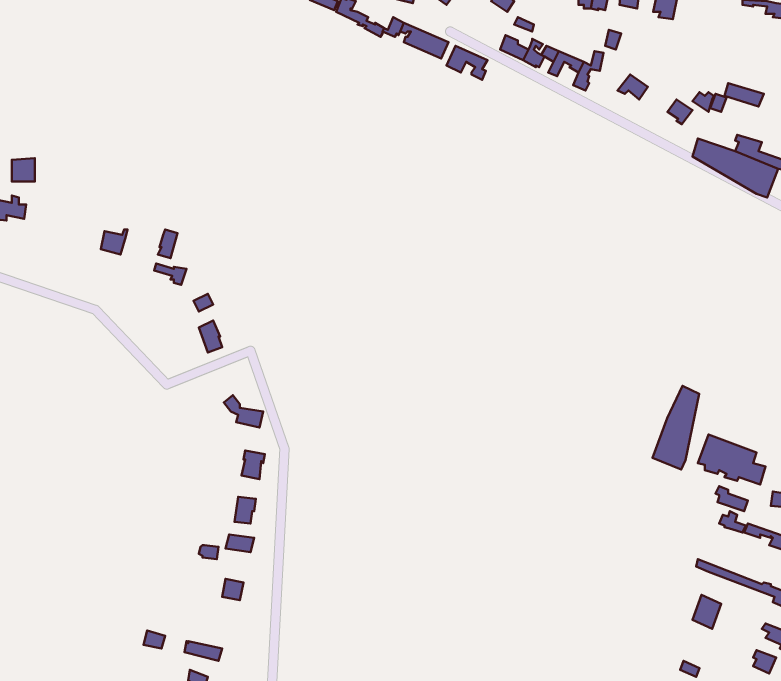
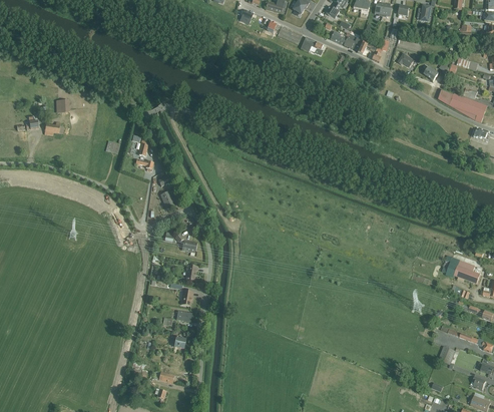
building: [653,386,699,469] -> none

